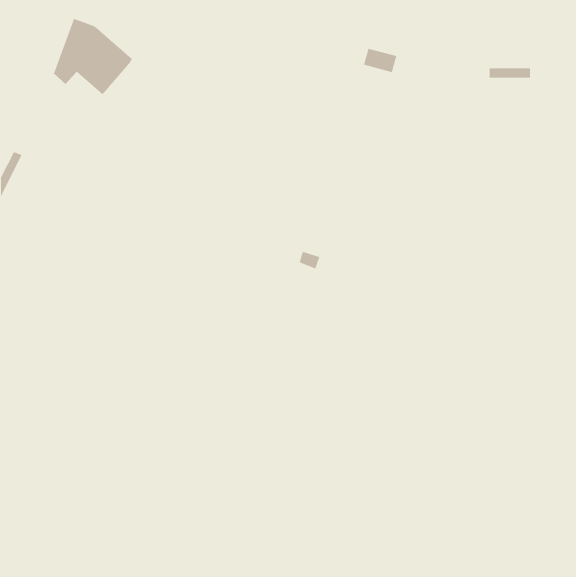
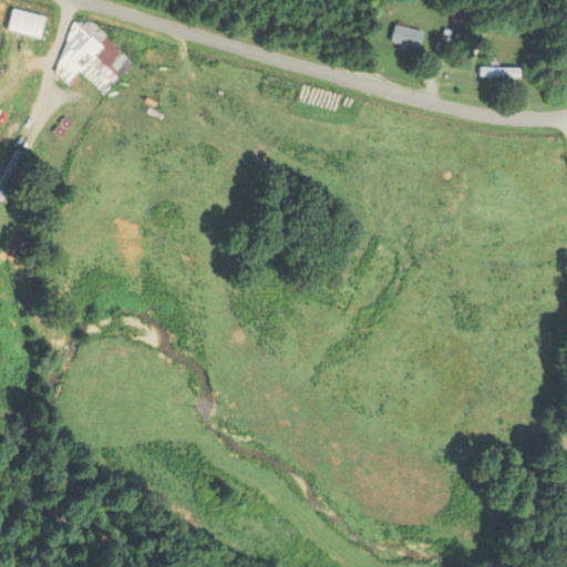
building: none -> [8,8,45,38]
building: [363,48,397,73] -> [391,23,424,48]

